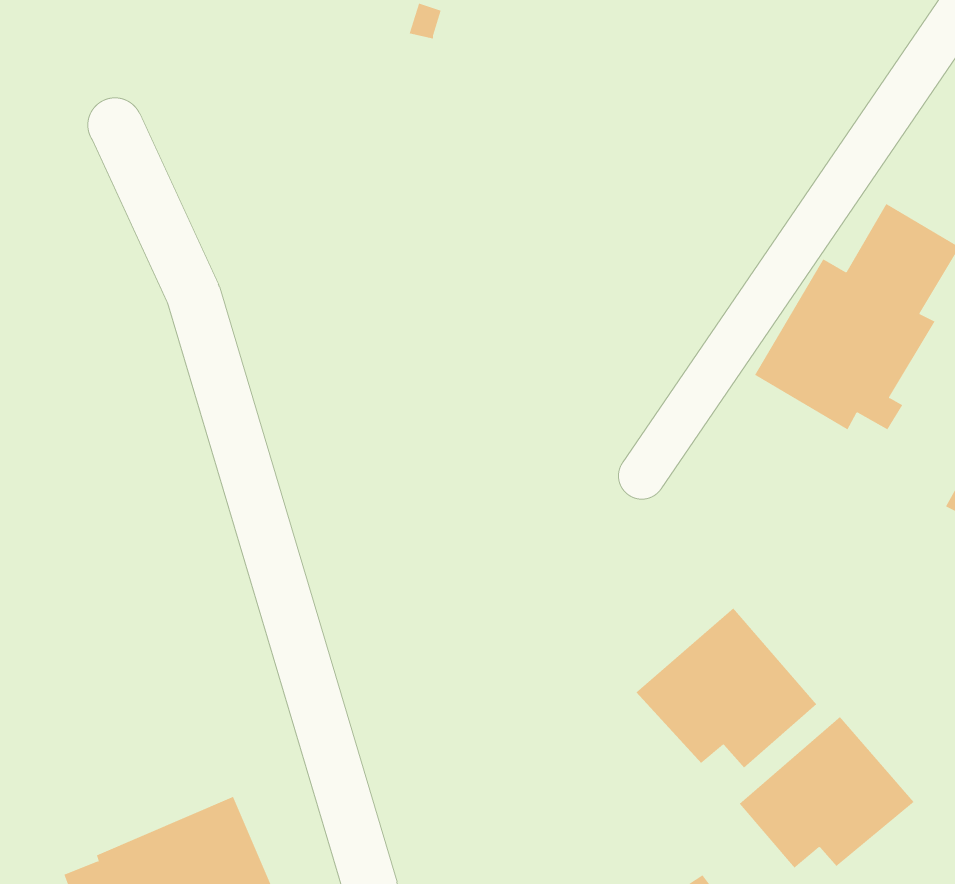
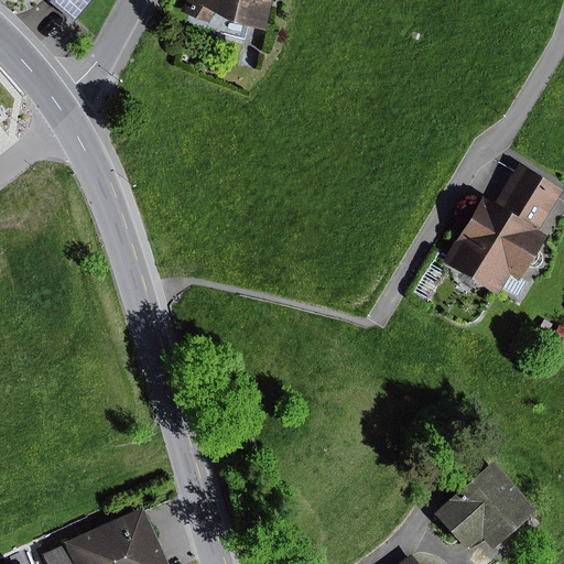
building: [635,607,817,768] -> none

